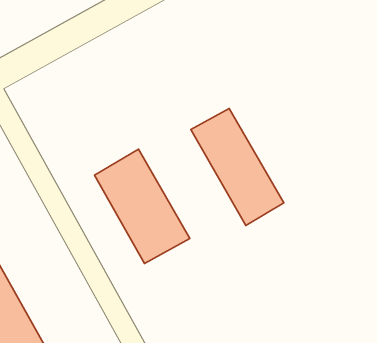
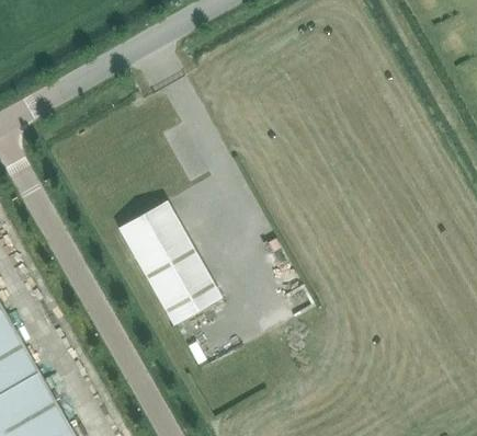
building: [191,109,284,225] -> none

